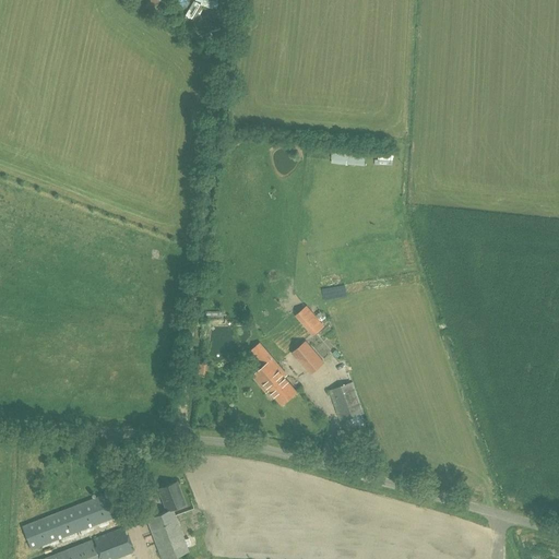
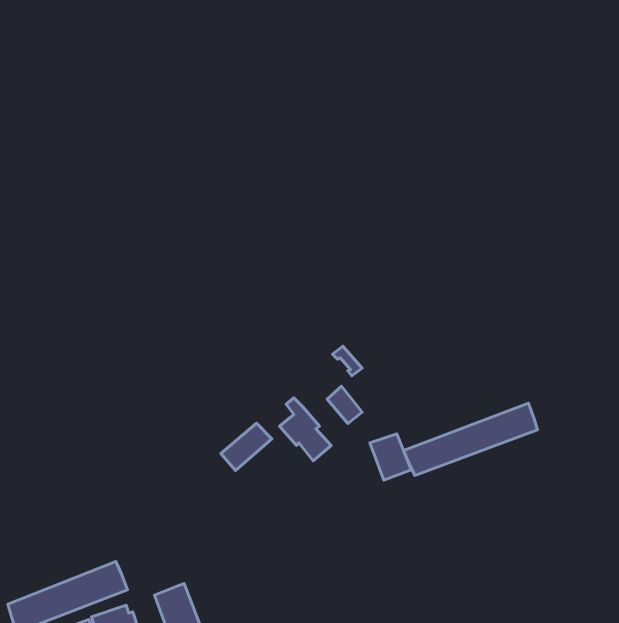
building: none -> [403,403,538,476]
building: none -> [221,423,272,471]
building: [157,483,185,511] -> none

